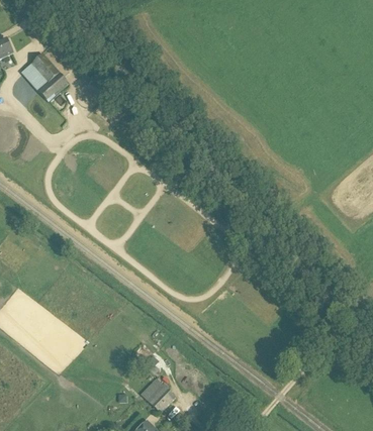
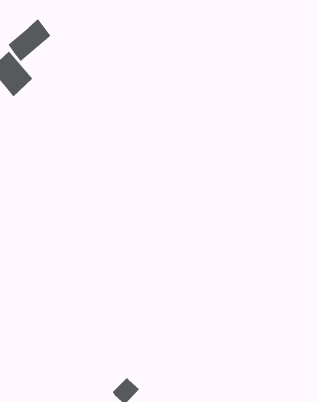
building: none -> [8,18,51,62]

